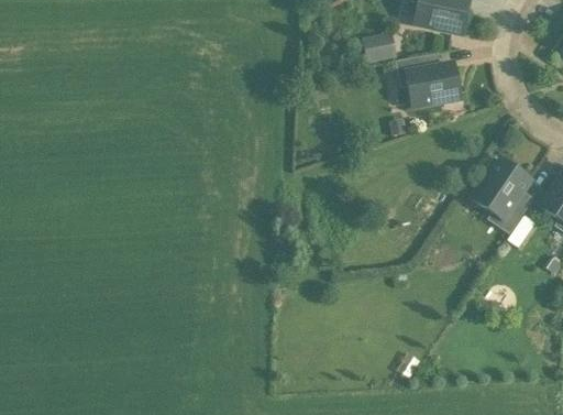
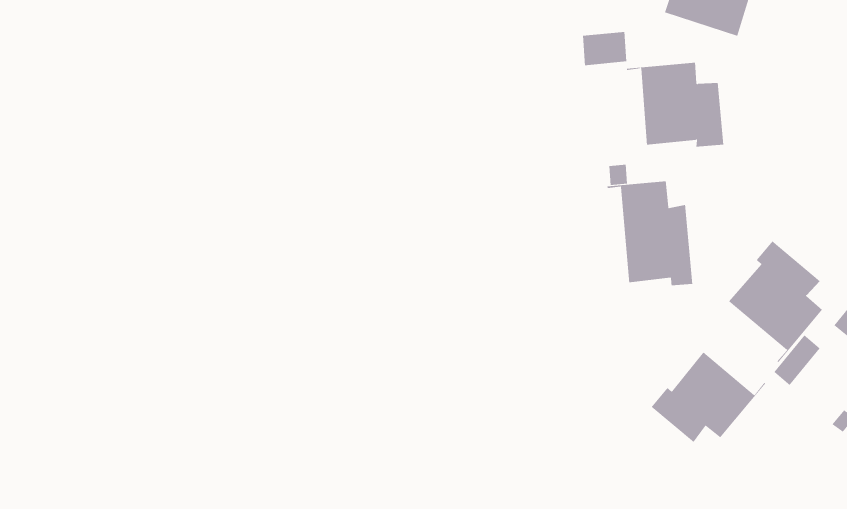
building: none -> [607,181,693,286]
building: none -> [651,352,766,443]

